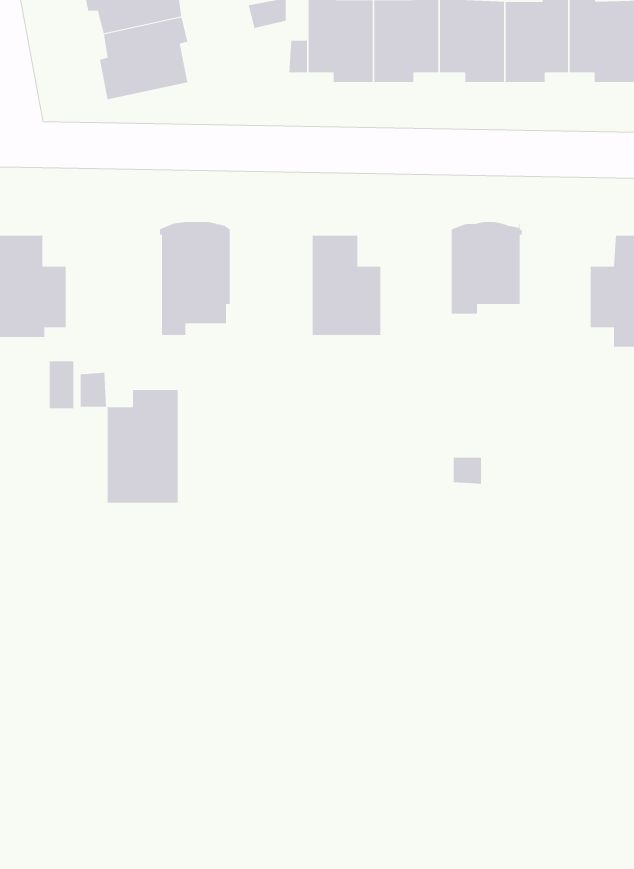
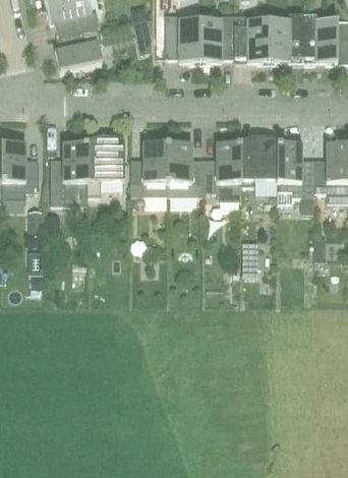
building: none -> [277,137,313,203]
building: none -> [130,143,167,196]
building: none -> [204,143,240,200]
building: [107,389,178,503] -> [50,143,88,203]

